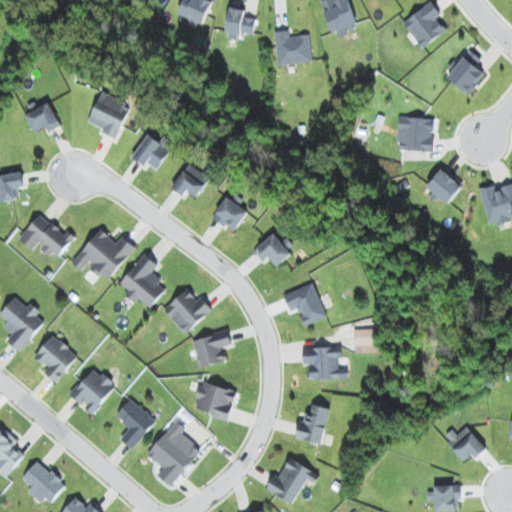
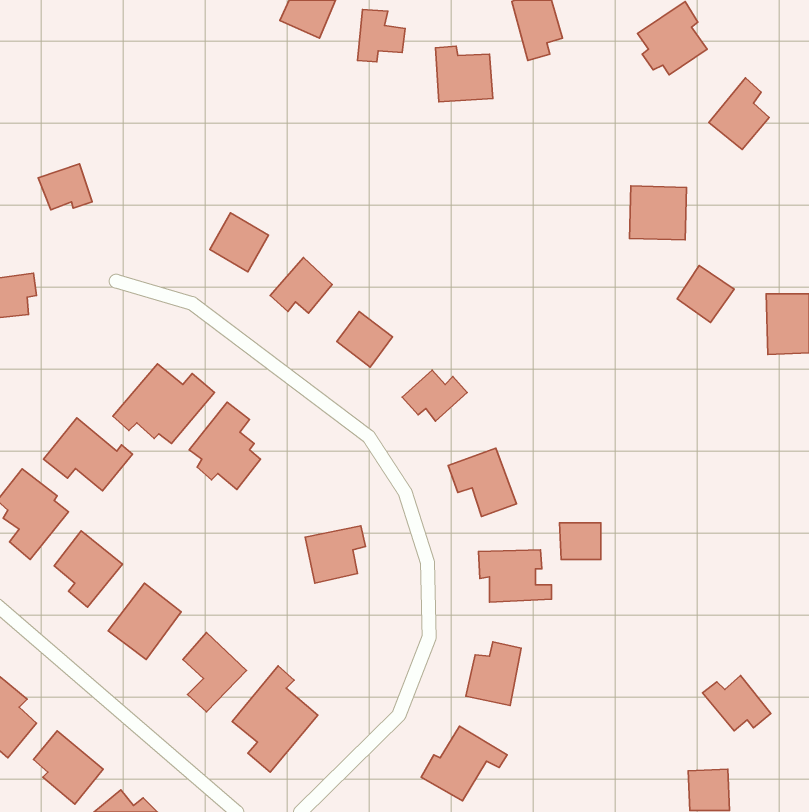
building: [87,92,130,139] -> none
building: [18,213,74,259] -> [44,418,133,491]
building: [162,288,211,334] -> none
building: [192,382,236,418] -> none

